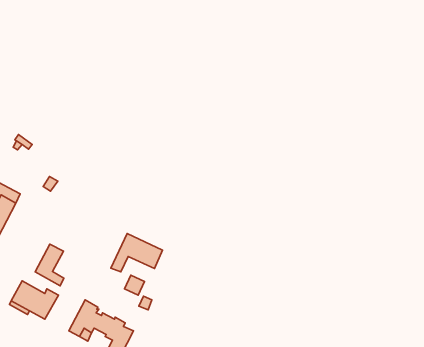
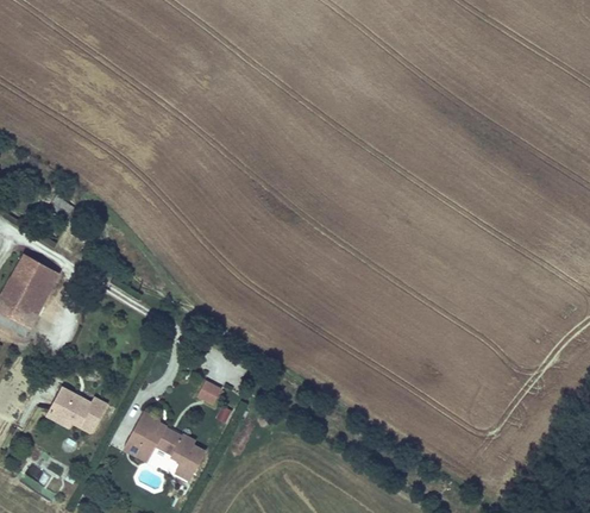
building: [111,234,163,272] -> none
building: [35,244,64,286] -> none

